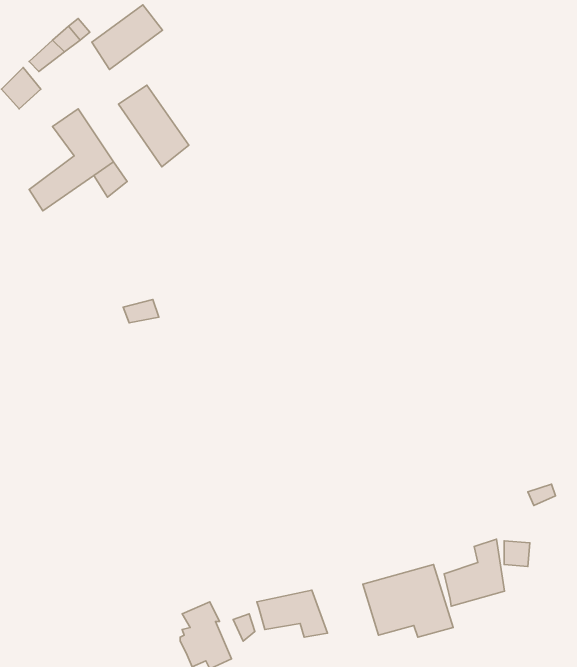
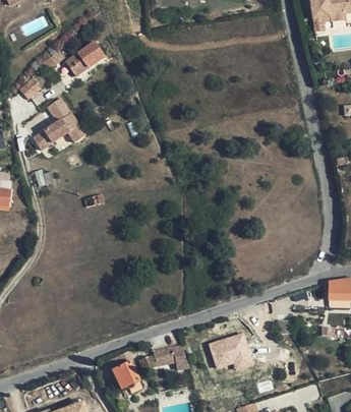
building: [118,85,189,167] -> none
building: [444,539,505,606] -> none

